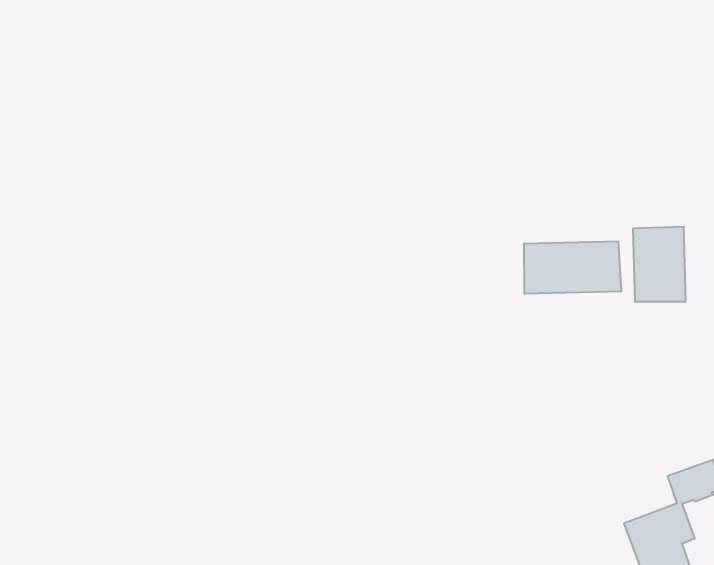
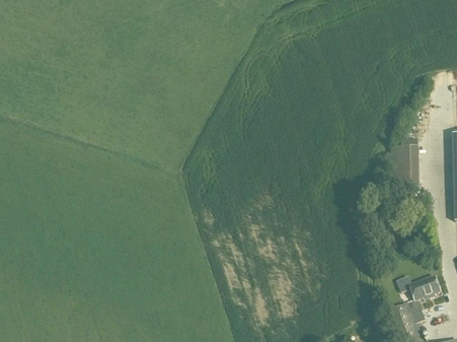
building: [524,241,621,294] -> none

